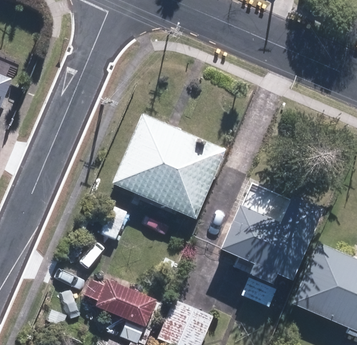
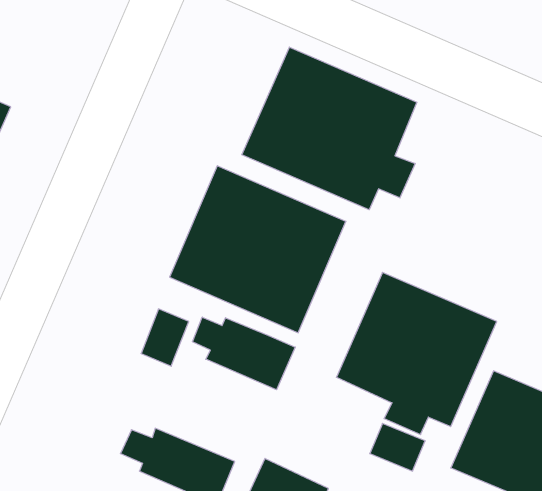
building: none -> [242,47,417,210]
building: none -> [193,317,295,390]

